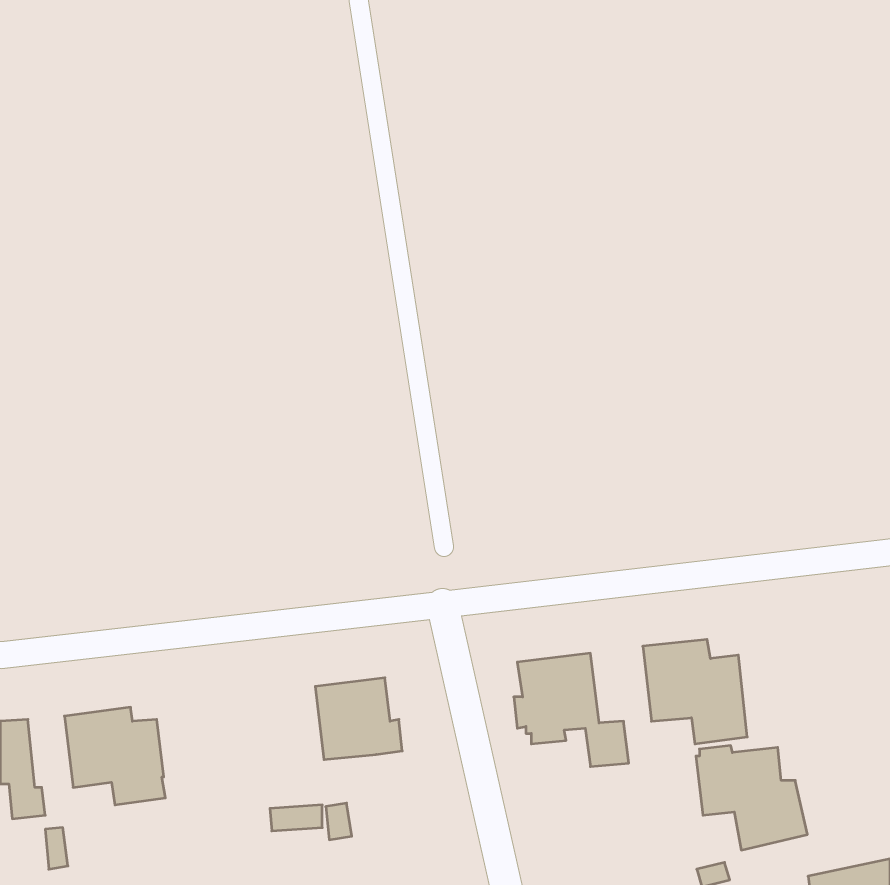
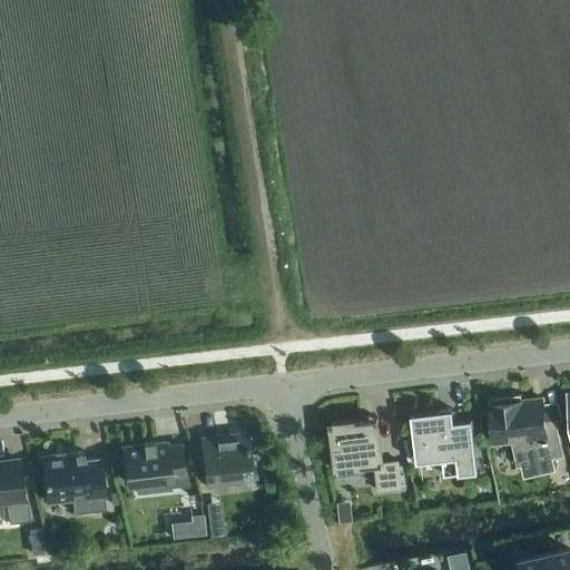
building: none -> [119,444,188,498]
building: [696,746,807,850] -> [490,401,561,468]

